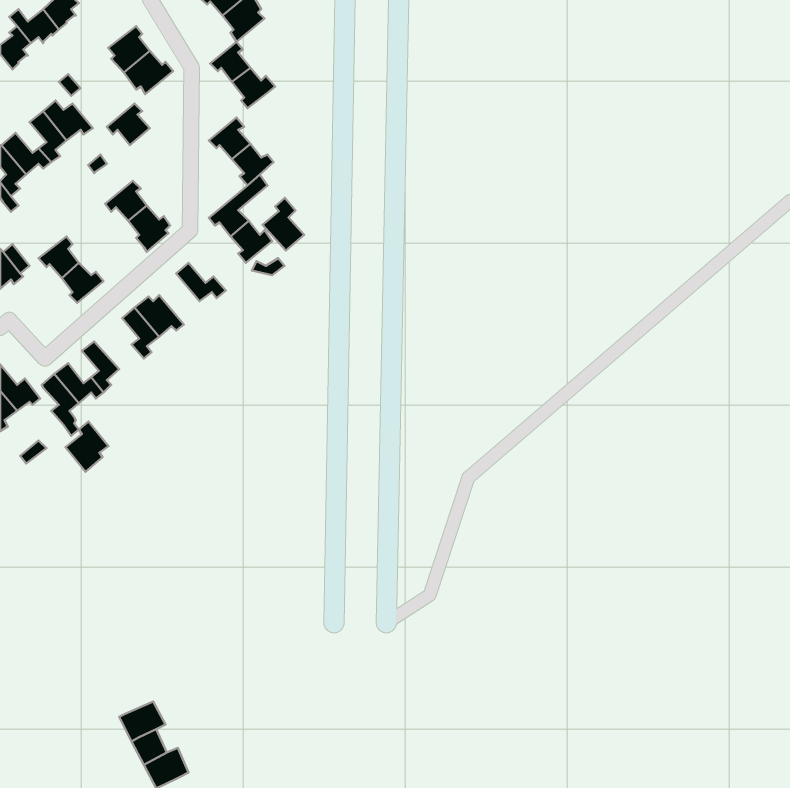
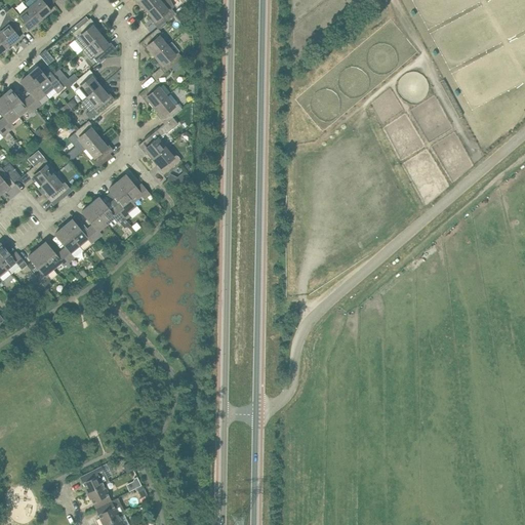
building: none -> [86,85,114,114]
building: [263,198,304,250] -> none
building: none -> [106,181,132,215]
building: none -> [63,218,95,245]
building: [65,421,108,472] -> none

